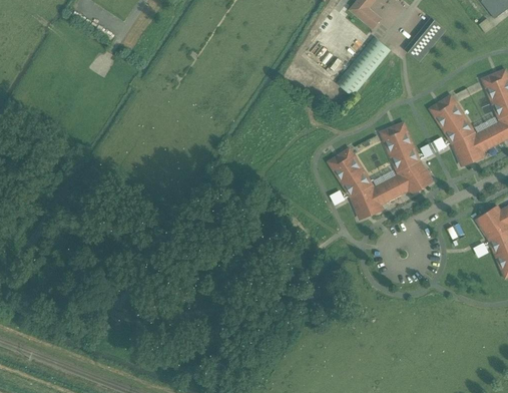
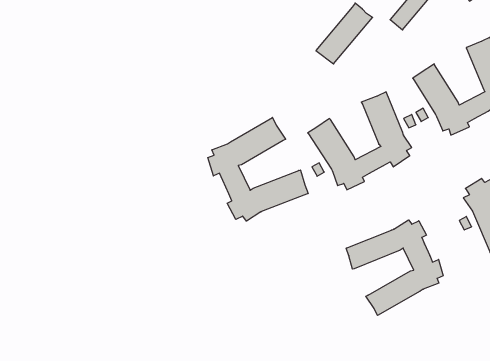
building: none -> [208,117,308,221]
building: none -> [346,220,443,315]

